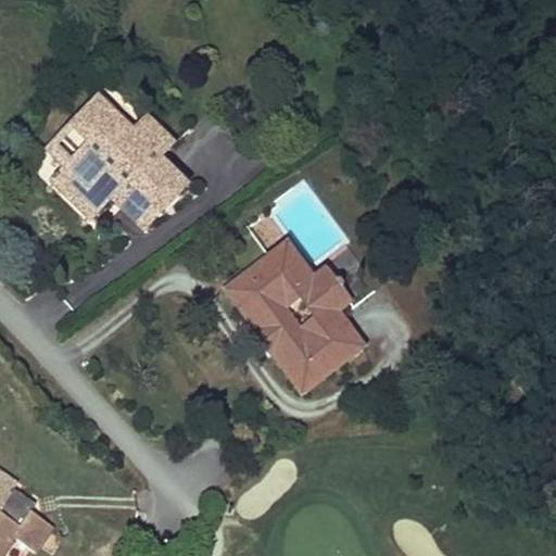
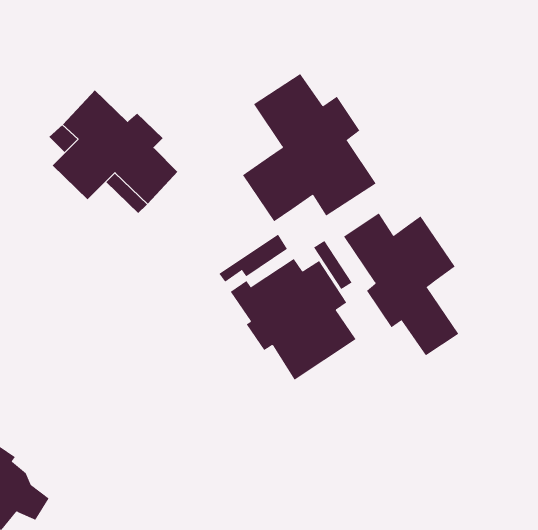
building: none -> [242,73,377,222]
building: none -> [343,213,459,356]

